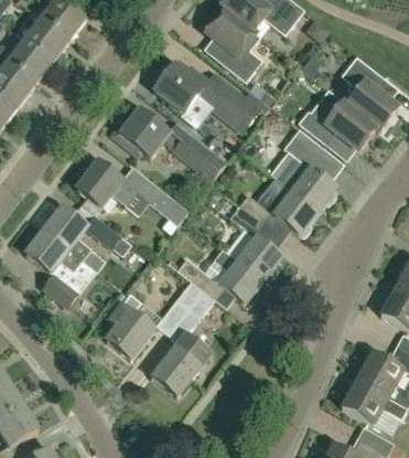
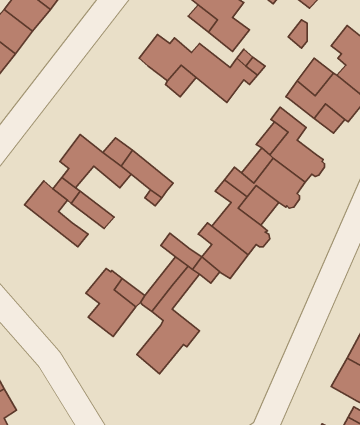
building: [112,108,227,180] -> none
building: [292,127,344,182] -> none
building: [26,231,96,305] -> none

